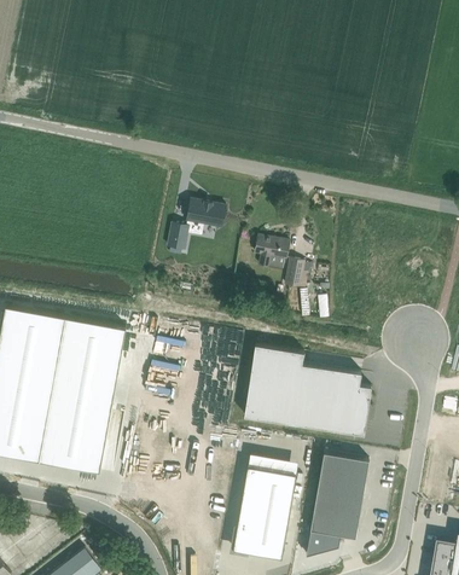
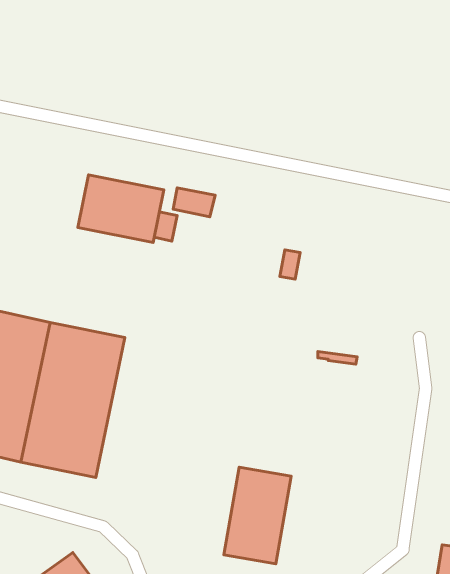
building: none -> [78,175,164,243]
building: [255,236,290,269] -> none
building: [244,344,371,435] -> none
building: [308,452,368,546] -> none

